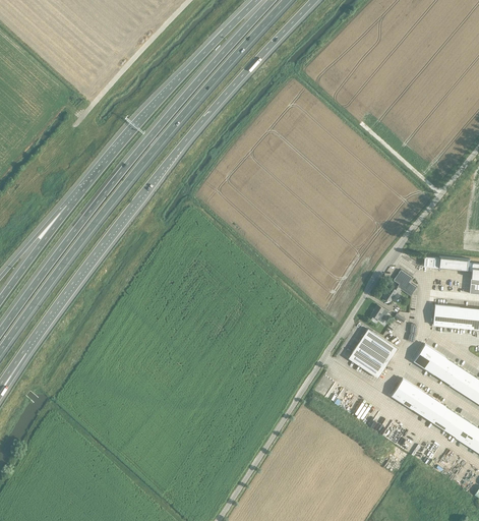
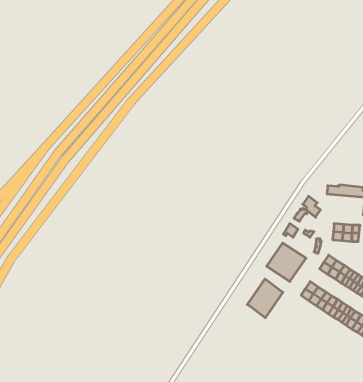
building: none -> [247,279,283,318]

